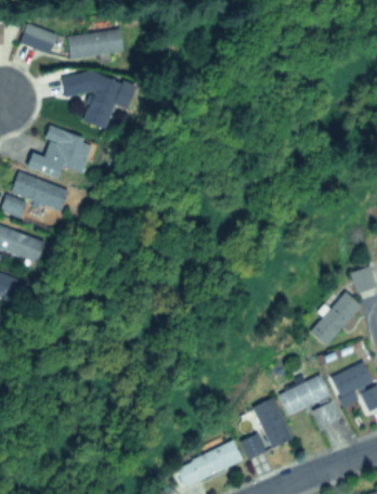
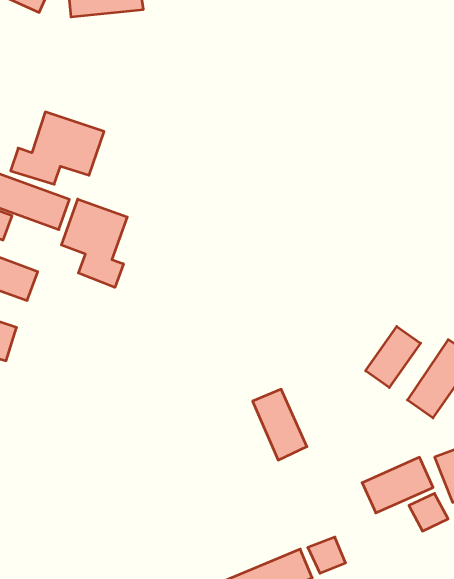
building: [62,67,121,130] -> none
building: none -> [61,199,127,287]
building: none -> [366,326,421,388]
building: [252,398,291,448] -> [253,389,307,460]

